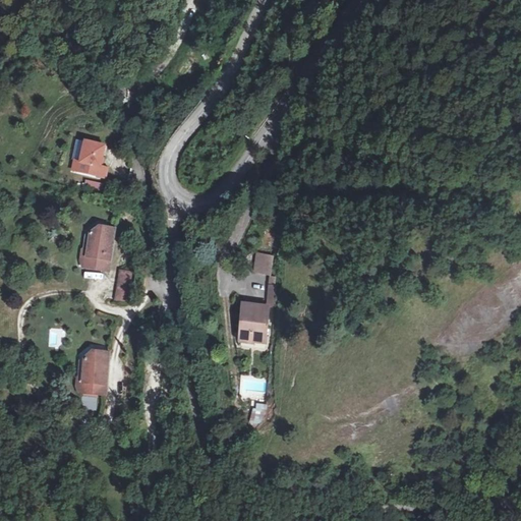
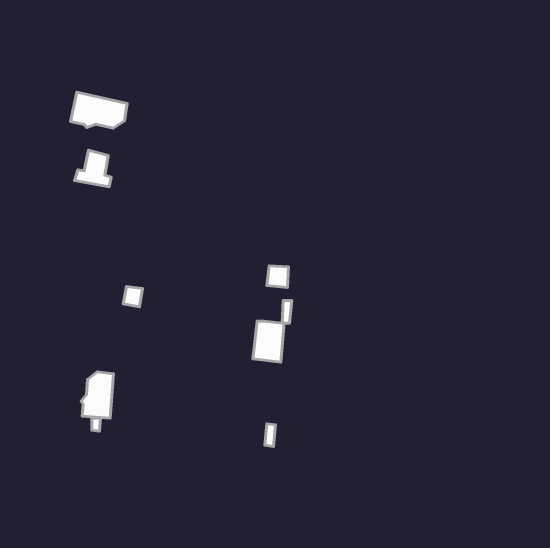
building: none -> [70,92,127,128]
building: [80,226,112,270] -> none

